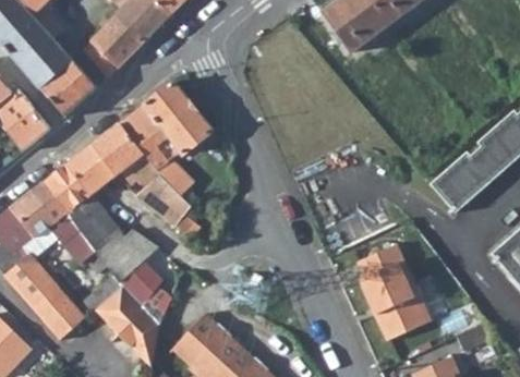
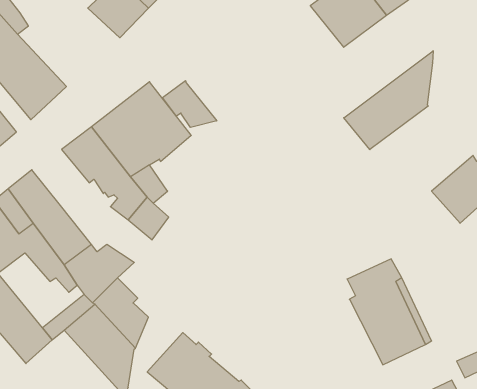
building: [84,14,146,78] -> none
building: none -> [344,51,433,150]
building: none -> [163,81,217,127]
building: [65,144,118,195] -> none

